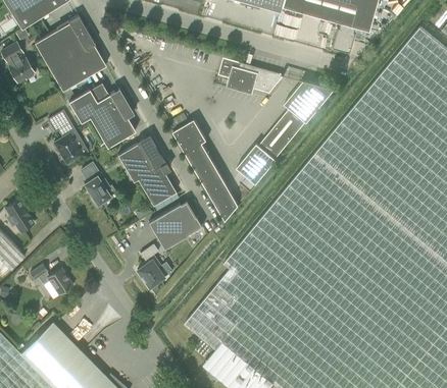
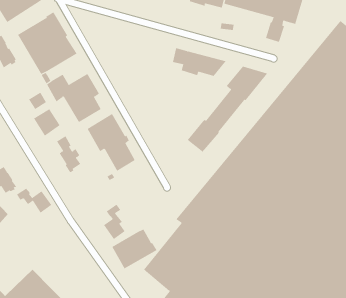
building: [173,119,239,221] -> none
building: [148,202,203,250] -> [111,229,157,269]
building: [30,265,72,295] -> [16,188,52,213]

